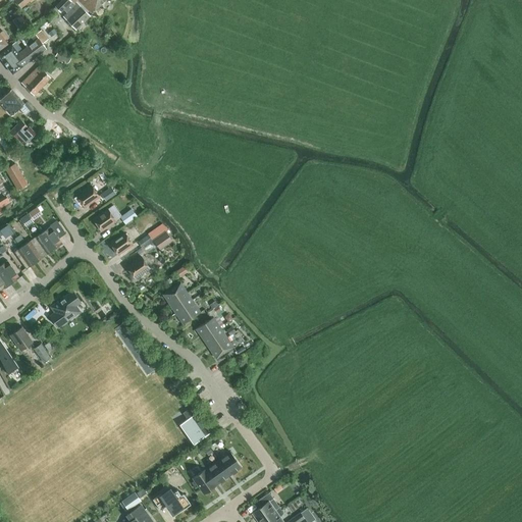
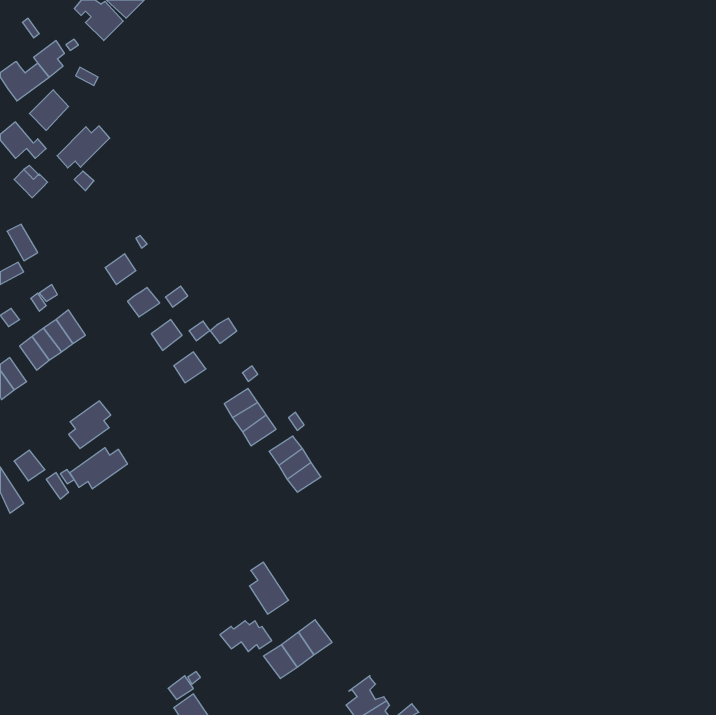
building: none -> [57,126,110,168]
building: none -> [70,448,127,489]
building: [152,490,190,513] -> [220,621,272,652]

